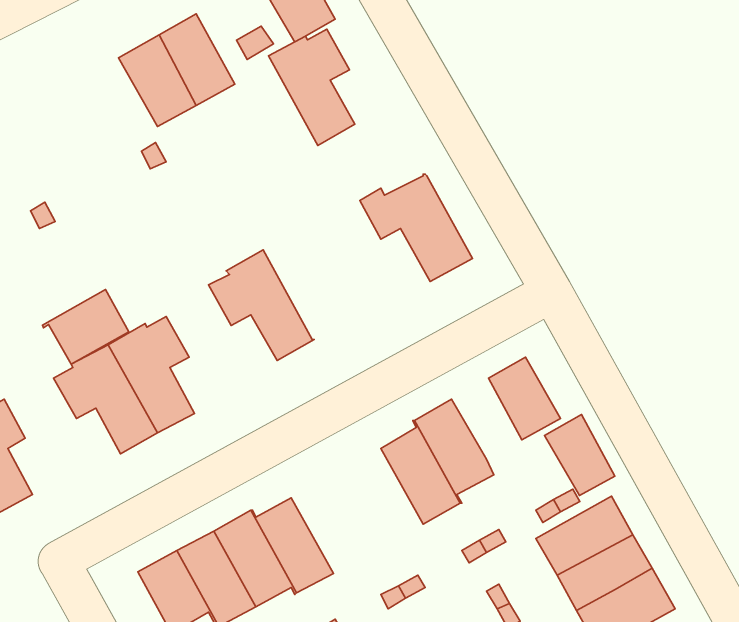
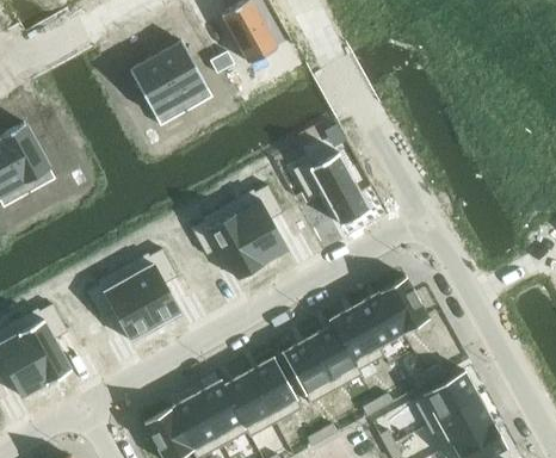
building: [269,29,355,145] -> [228,186,286,265]
building: [43,290,129,364] -> none
building: [544,415,615,496] -> [356,291,403,346]
building: none -> [282,339,336,404]
building: none -> [247,358,302,423]

